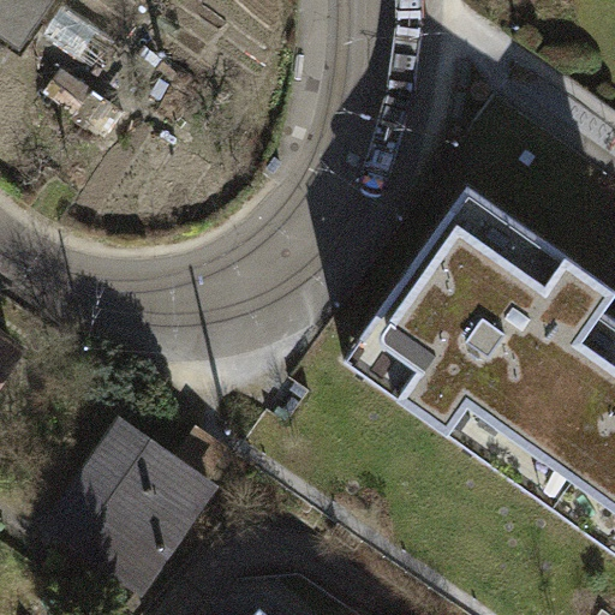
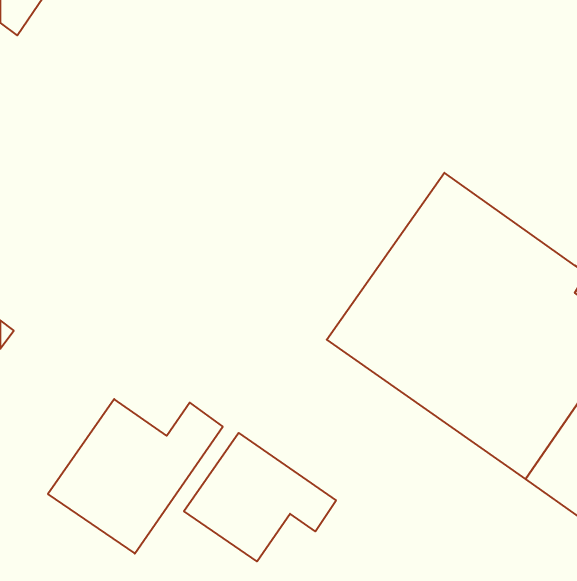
building: none -> [184,433,336,561]

